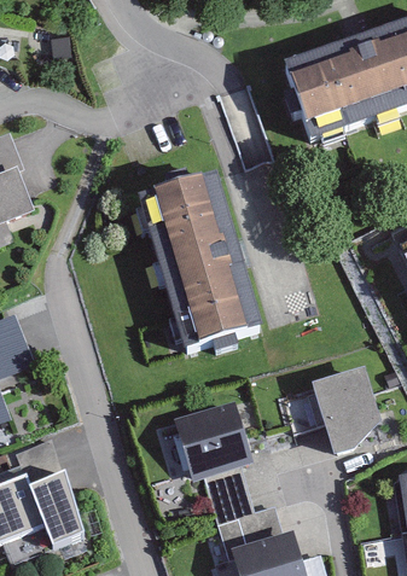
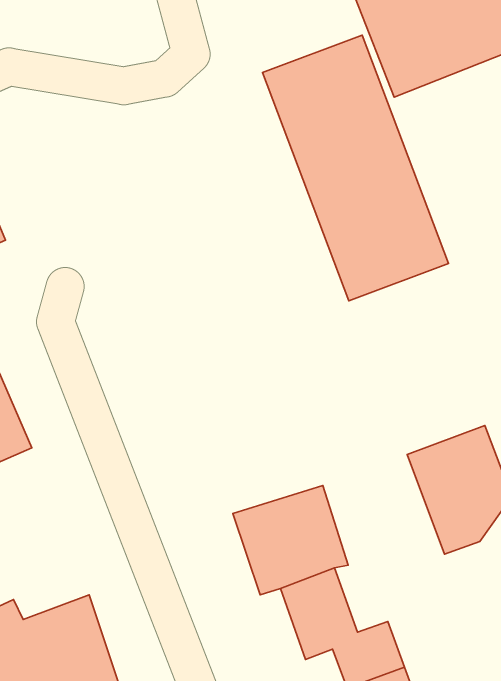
building: [147,173,269,357] -> [263,35,449,301]

